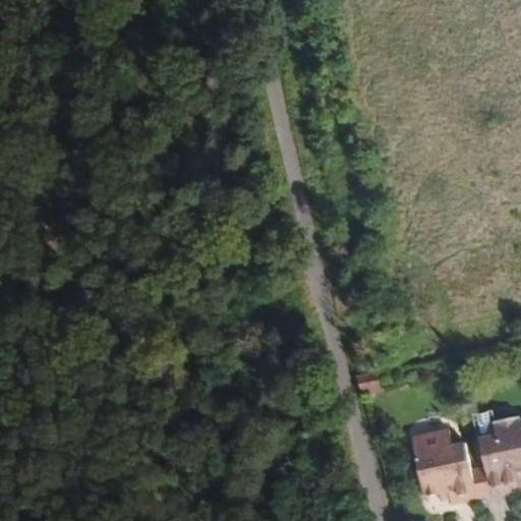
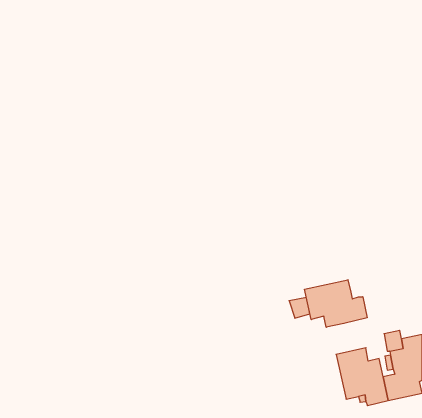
building: none -> [305,280,367,327]

